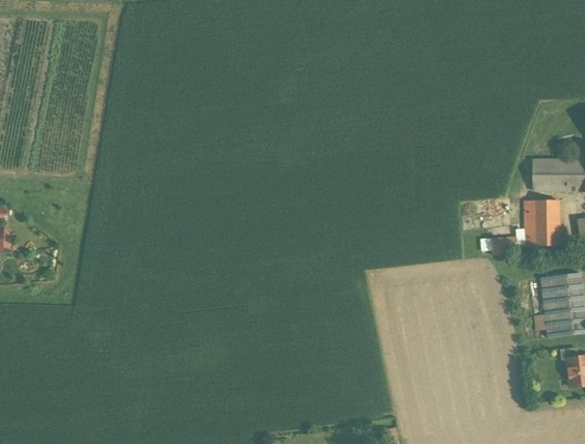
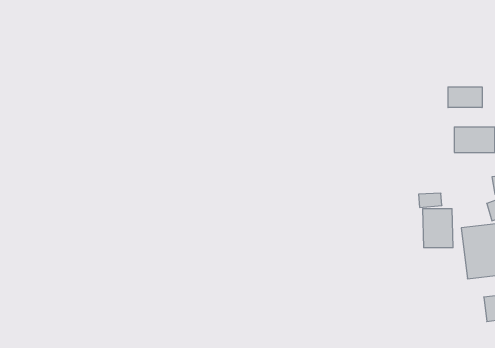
building: none -> [448,87,482,108]
building: [524,199,560,245] -> [423,209,453,248]

